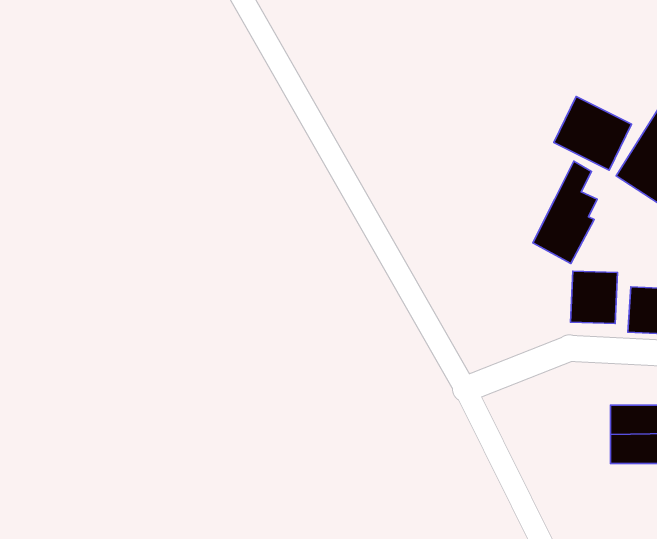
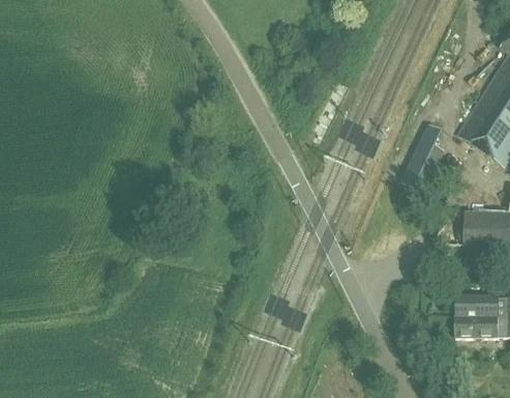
building: [554,97,631,170] -> none
building: [571,271,617,323] -> none

